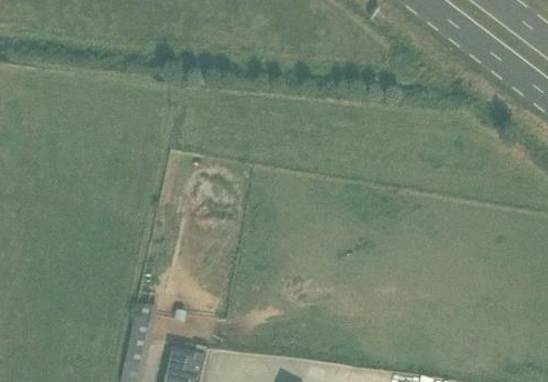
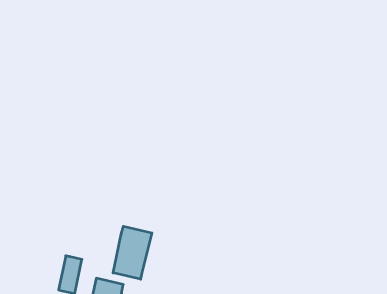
building: none -> [113,226,152,279]

